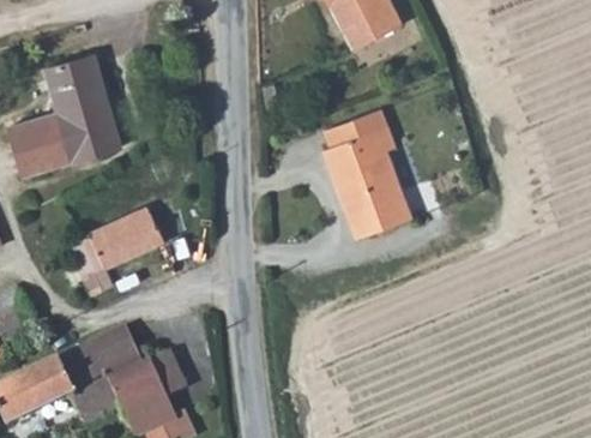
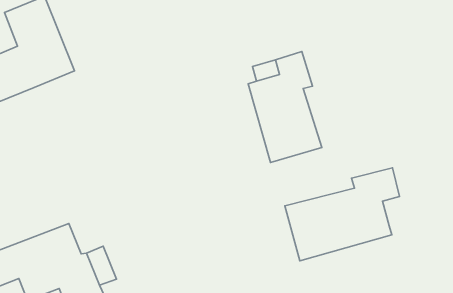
building: [65,203,164,294] -> none
building: none -> [285,168,400,261]

